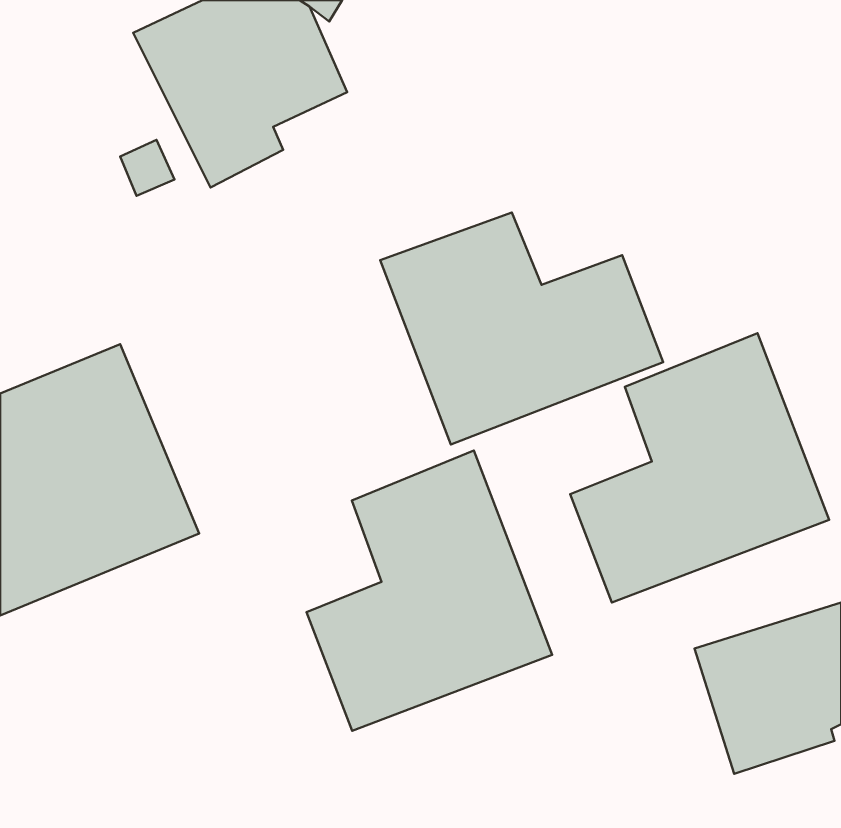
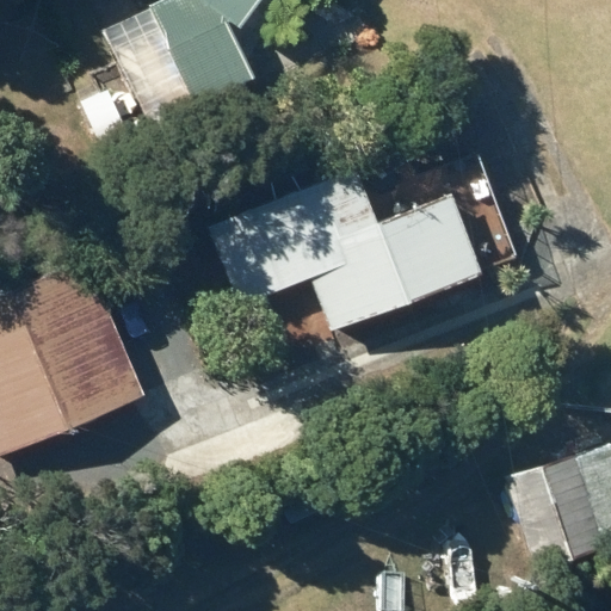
building: [570,333,829,602] -> none
building: [307,450,552,731] -> none

